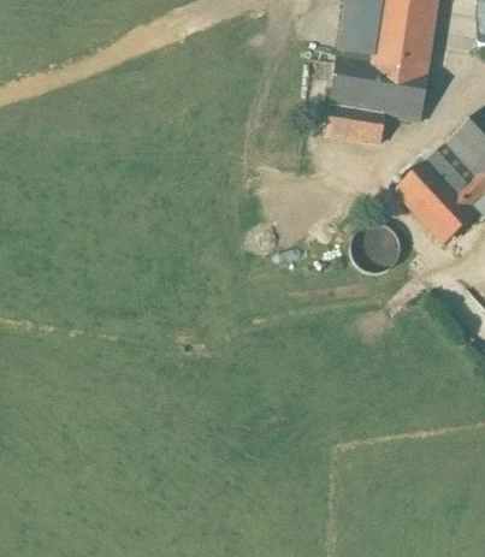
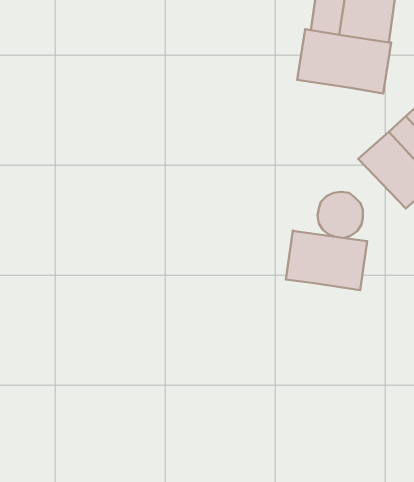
building: [325,105,385,141] -> none
building: none -> [286,231,367,290]

